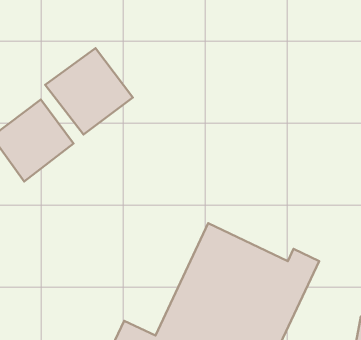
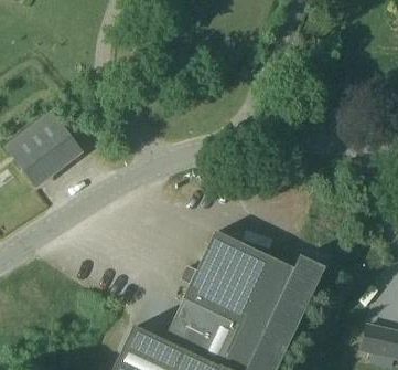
building: [45,48,133,134] -> none

